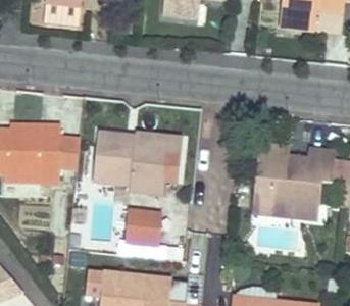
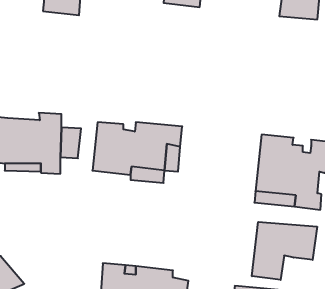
building: [124,209,161,244] -> none
building: none -> [252,222,317,280]

